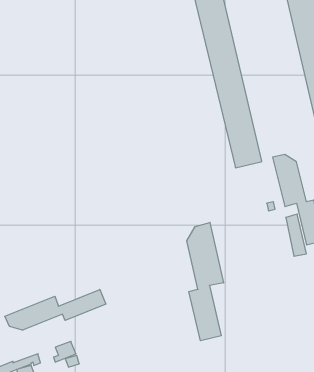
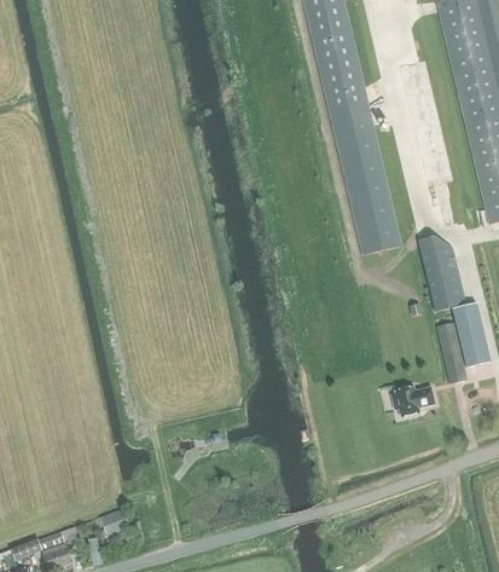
building: [187,222,224,341] -> none
building: none -> [394,386,435,416]
building: [5,289,106,330] -> none

